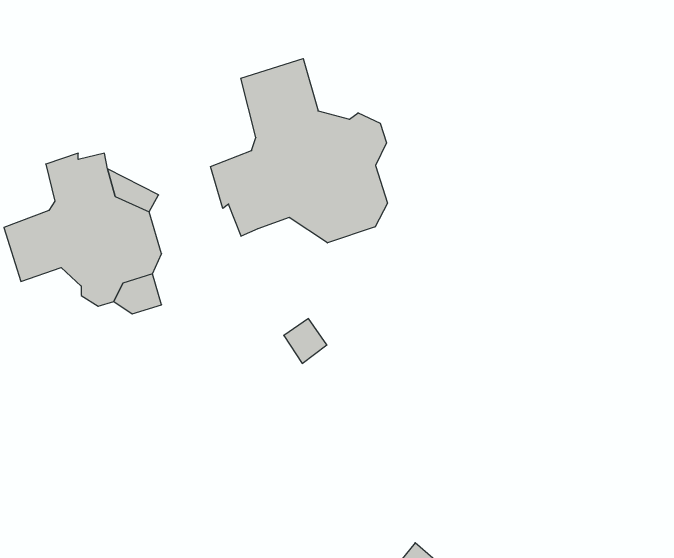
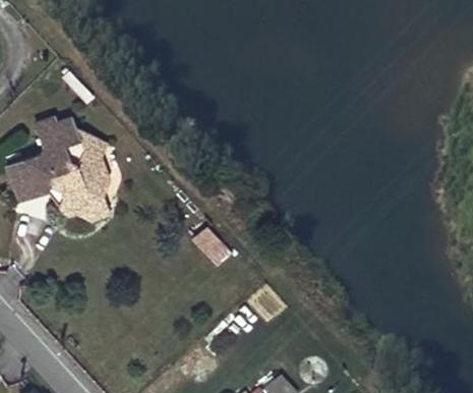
building: [210,59,387,243] -> none

